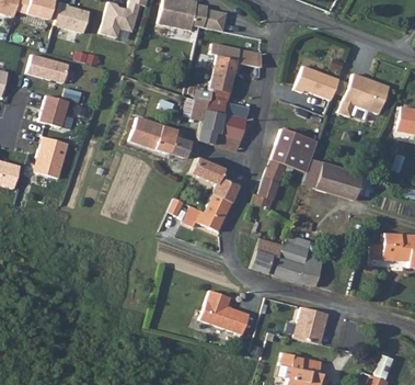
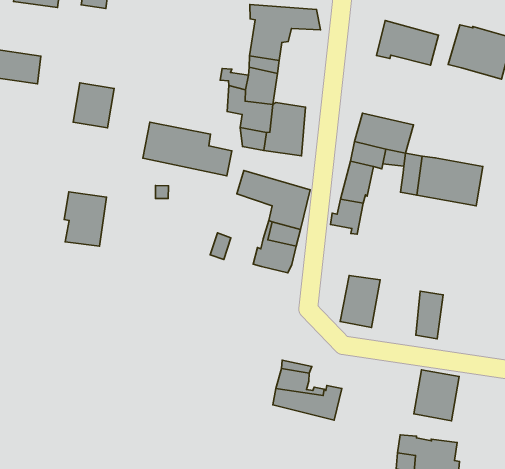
building: [39,94,70,127] -> [73,83,114,128]
building: [36,136,68,175] -> [64,192,107,246]
building: [273,241,310,284] -> none

